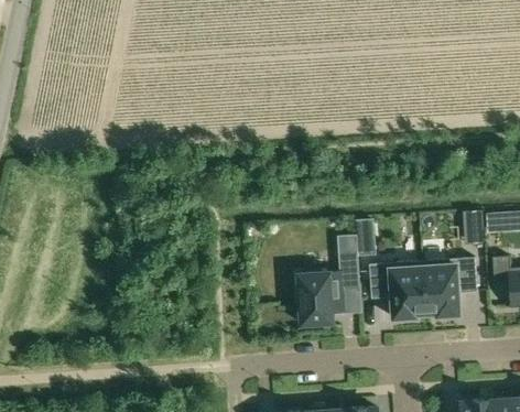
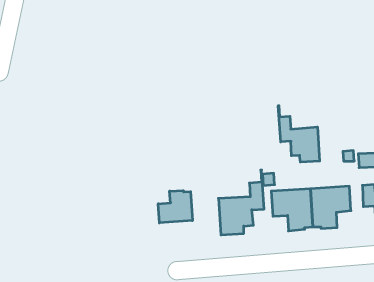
building: none -> [278,106,320,162]
building: none -> [158,191,192,223]

